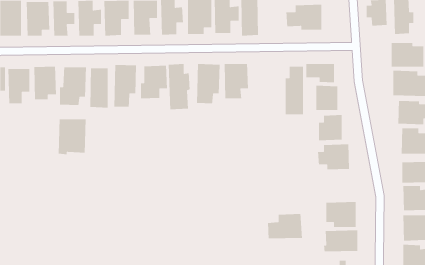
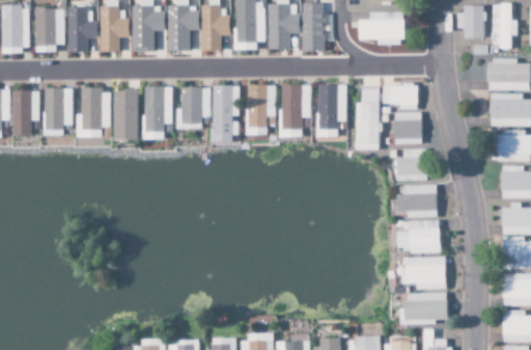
building: none -> [318,83,347,130]
building: [58,119,87,155] -> none
building: [267,213,303,239] -> [396,219,441,251]

